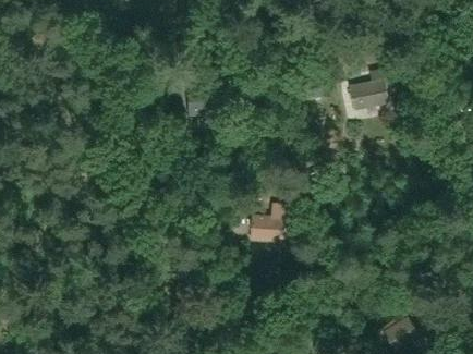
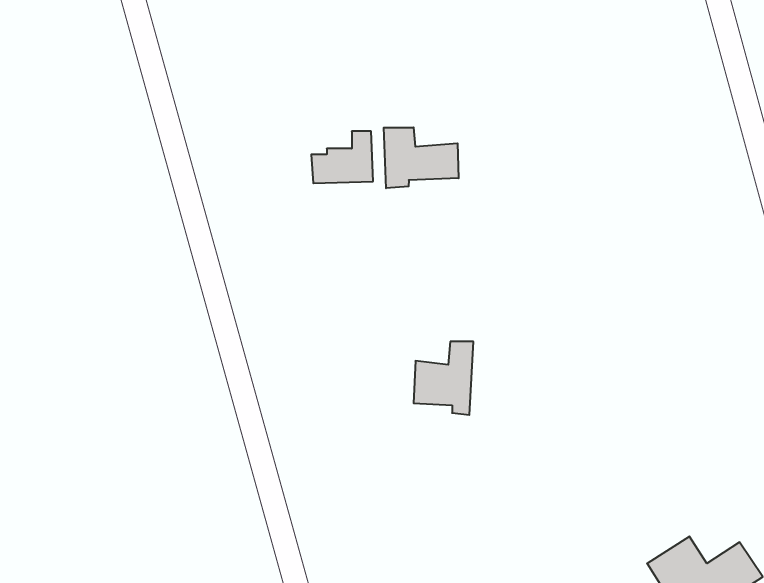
building: [349,71,387,109] -> none
building: none -> [384,127,459,188]

